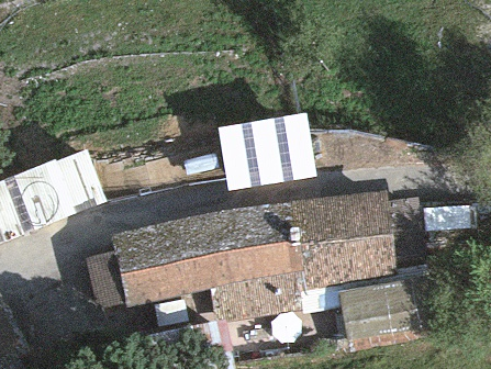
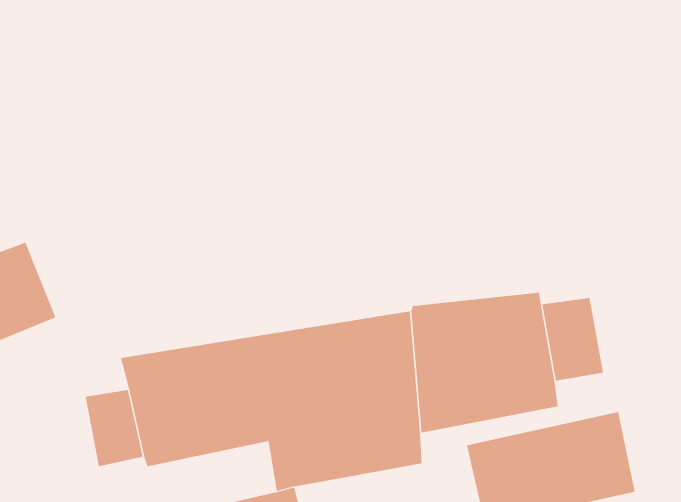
building: [220,123,309,189] -> none

